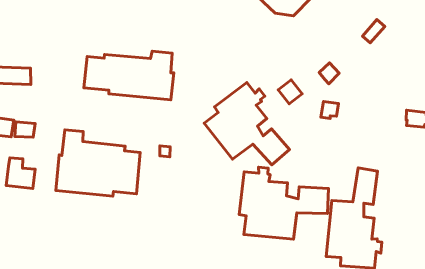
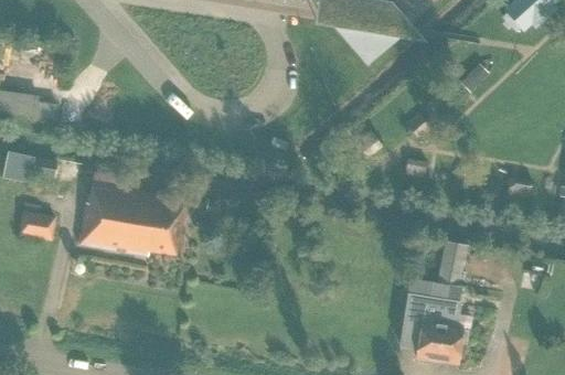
building: [84,51,174,100] -> none
building: [204,83,289,165] -> none
building: [239,167,329,239] -> none

